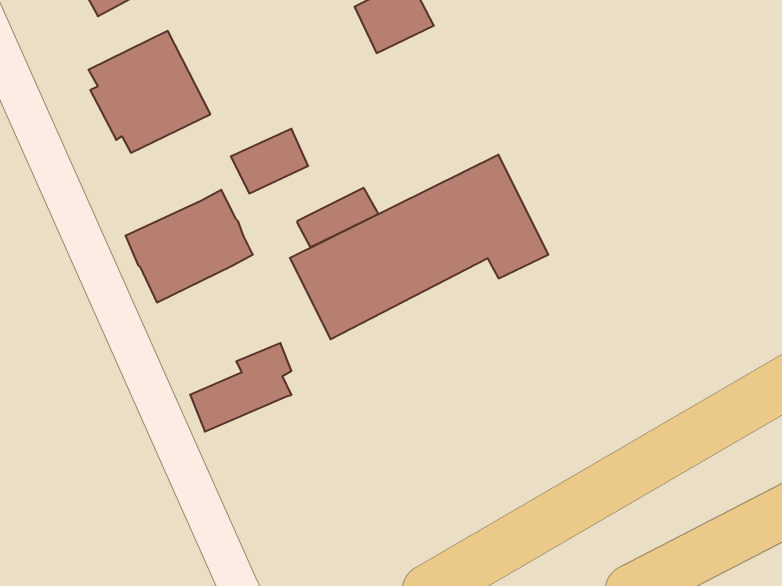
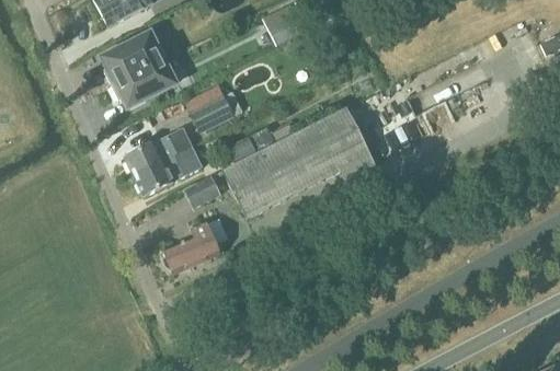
building: none -> [184,174,221,207]

